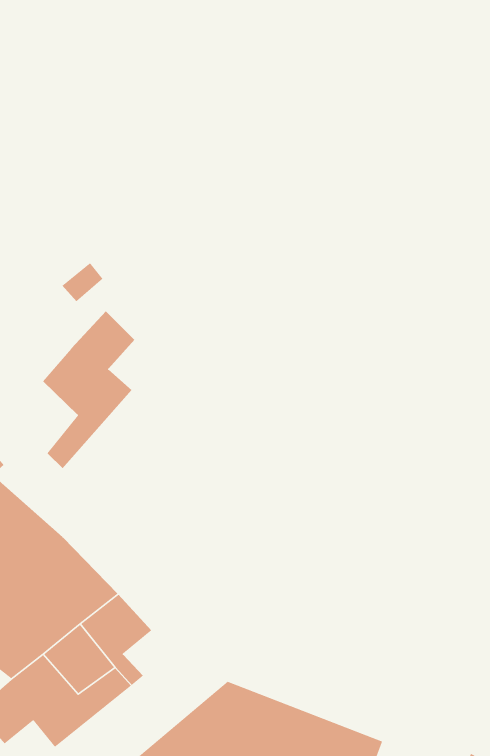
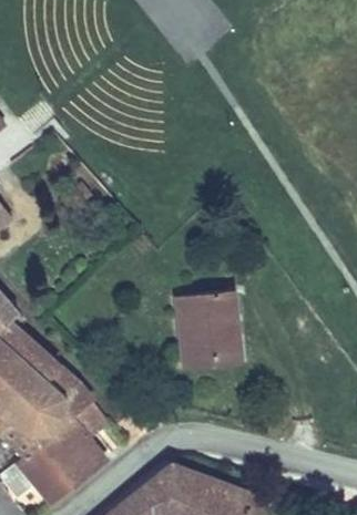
building: [42,311,135,469] -> none
building: none -> [171,292,245,368]

